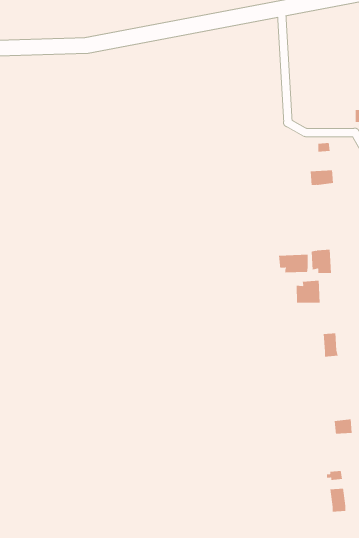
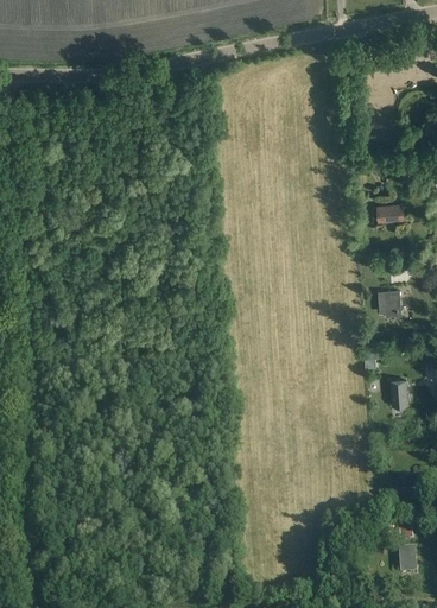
building: [278,254,308,273] -> none
building: [296,280,320,304] -> none

